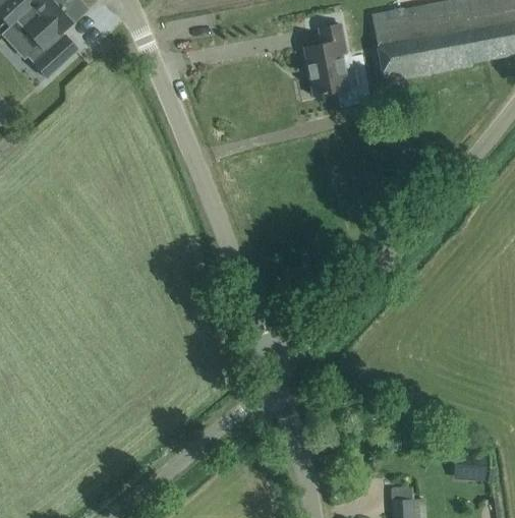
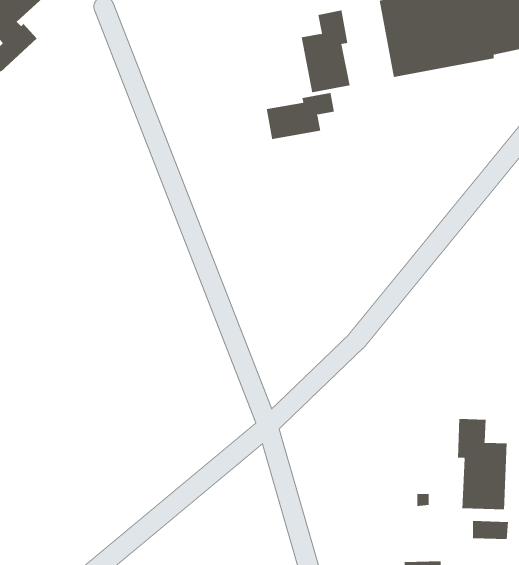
building: none -> [266,92,334,140]
building: none -> [458,418,507,510]

